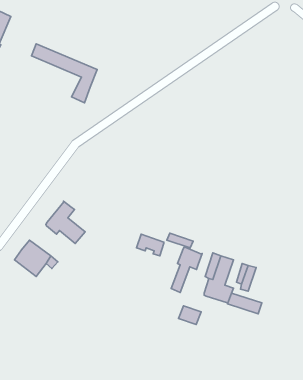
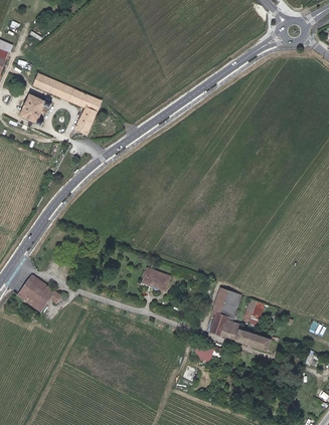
building: none -> [20,93,50,126]
building: [46,201,85,244] -> none
building: [171,247,202,292] -> none

